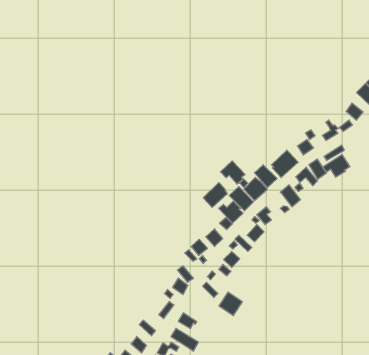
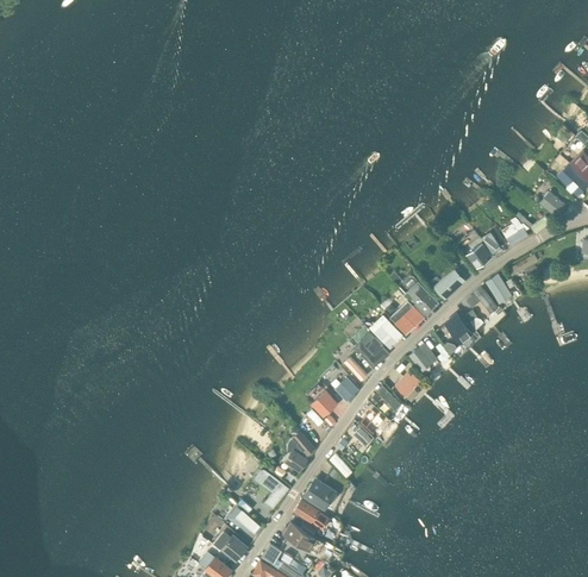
building: [323,155,350,177] -> none
building: [220,161,245,184] -> none
building: [203,183,227,207] -> none
building: [219,292,242,316] -> [302,477,337,512]

